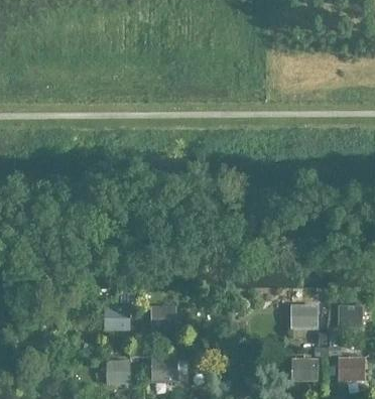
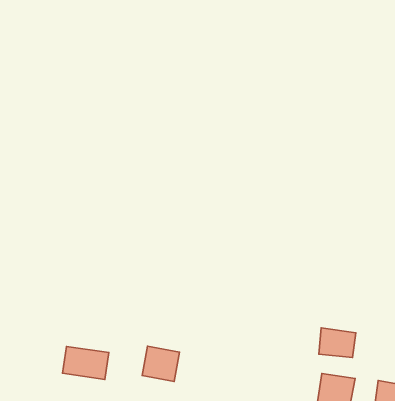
building: none -> [319,328,356,358]

